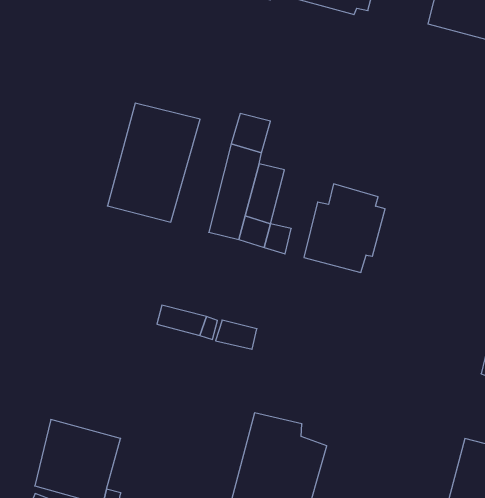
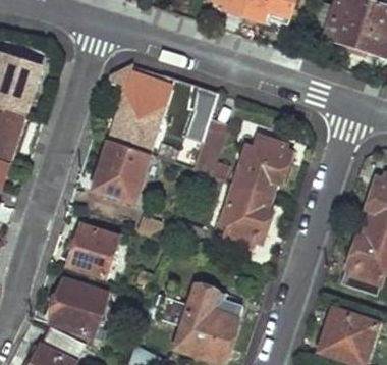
building: none -> [93,142,149,204]
building: none -> [222,184,272,246]
building: none -> [67,225,118,278]

